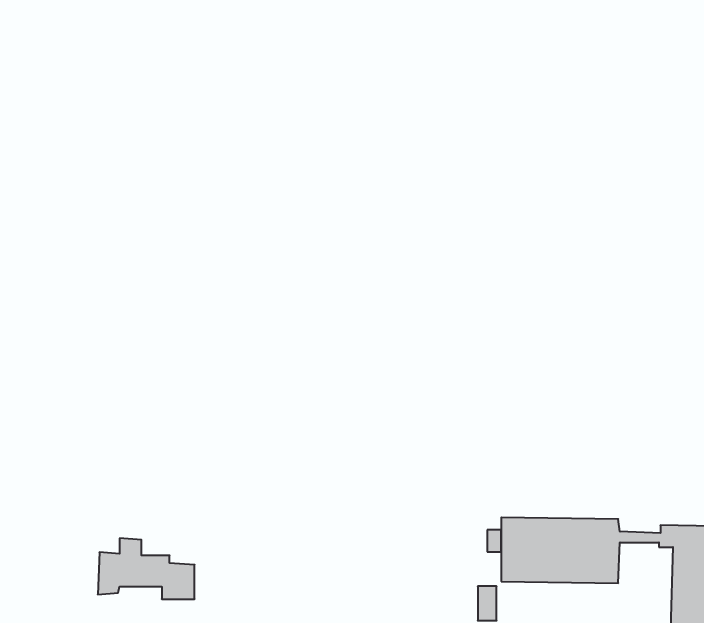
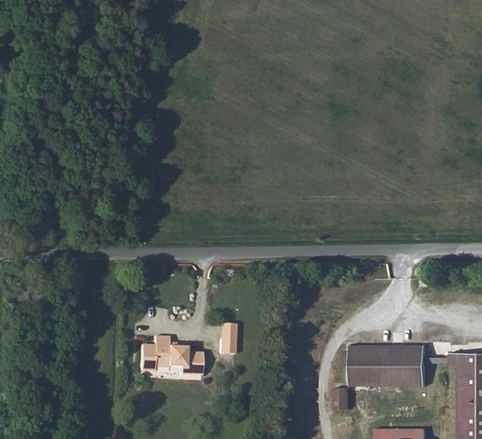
building: none -> [220,318,237,349]
building: [98,538,195,599] -> [140,330,202,369]

